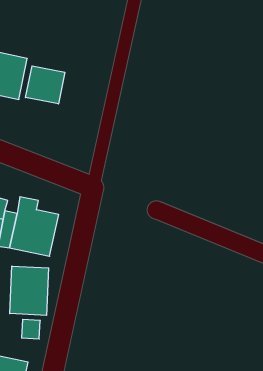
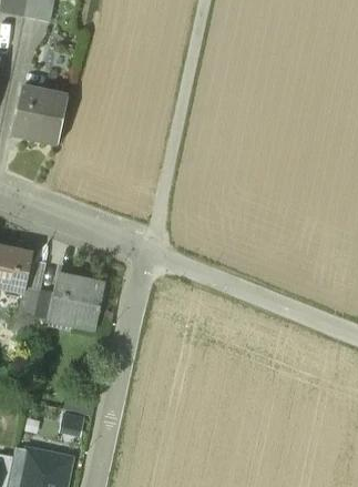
building: [26,66,65,104] -> none
building: [10,266,49,315] -> none

